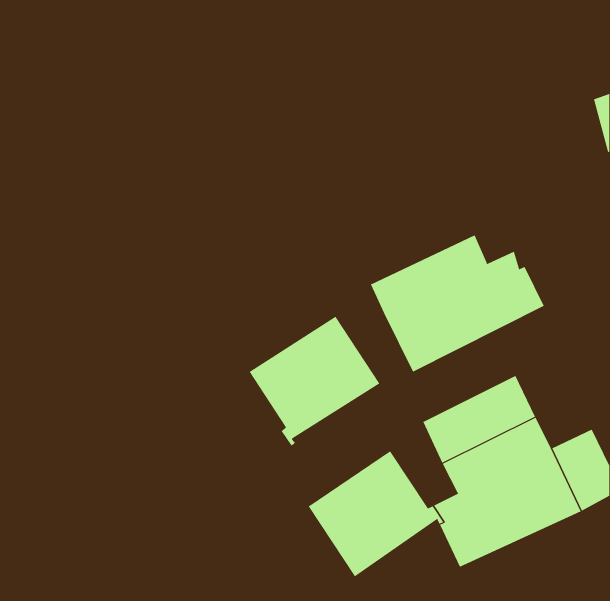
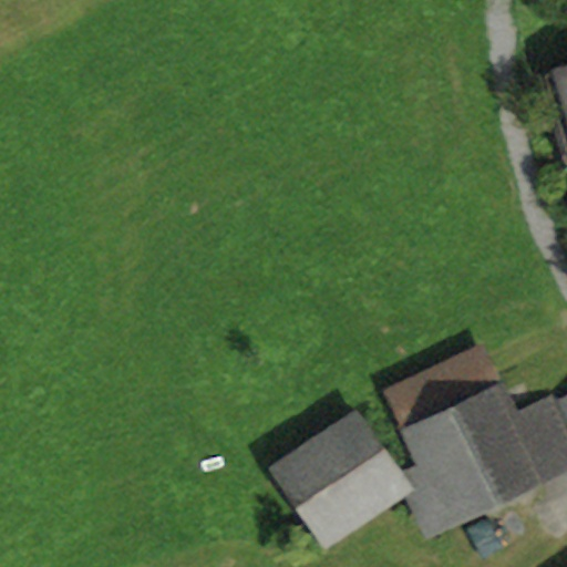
building: [370,234,545,372] -> none
building: [249,316,380,447] -> none

